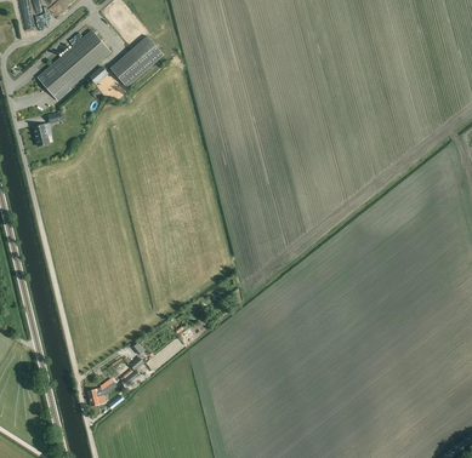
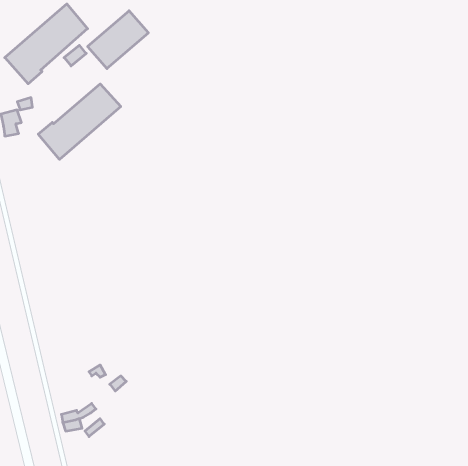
building: none -> [38,84,121,159]

